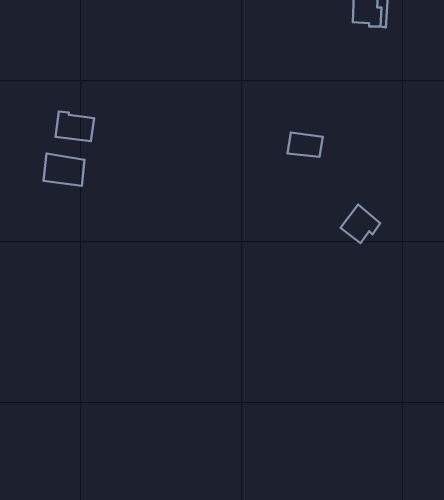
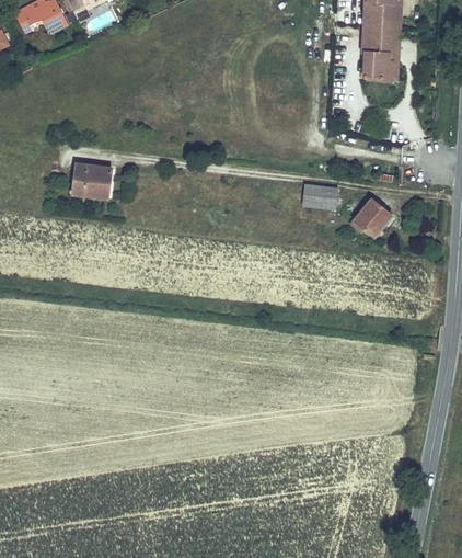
building: [44,154,84,186] -> none
building: [341,205,380,243] -> [353,197,392,236]

